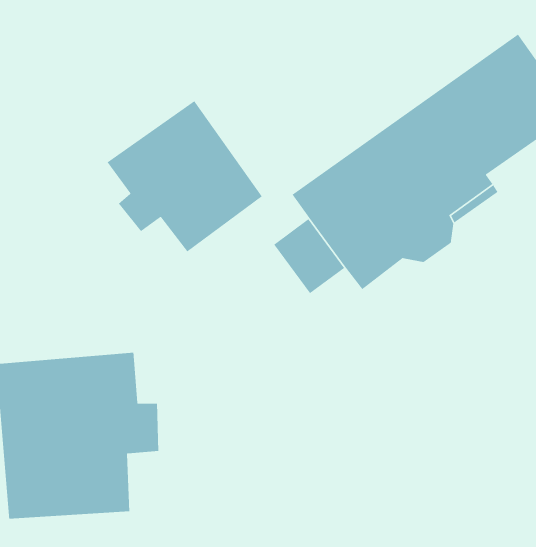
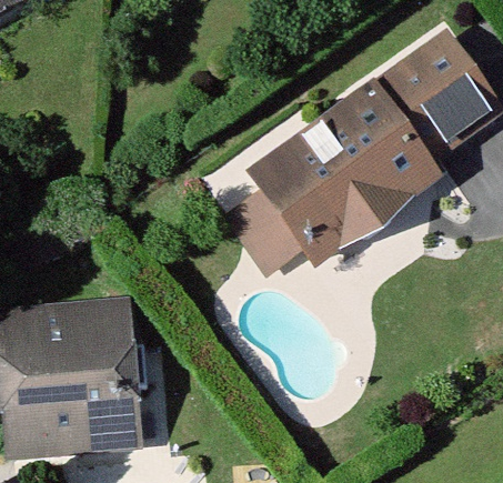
building: [107,100,263,252] -> none

